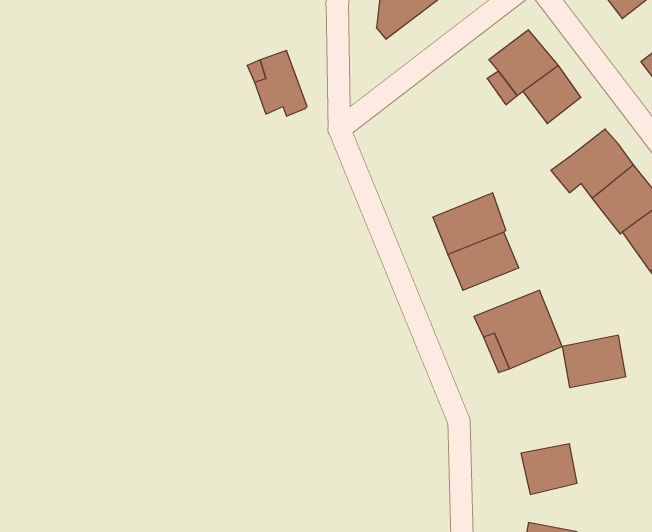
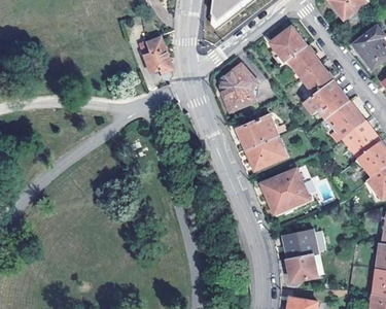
building: none -> [220,63,255,109]
building: none -> [302,63,334,95]
building: [562,335,626,388] -> [283,230,318,259]

